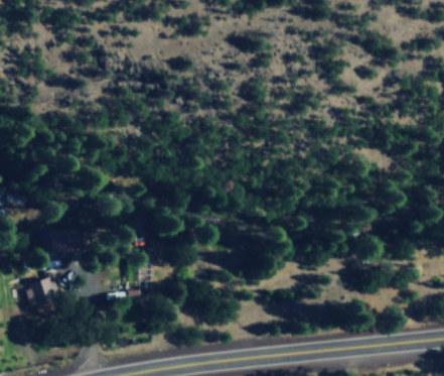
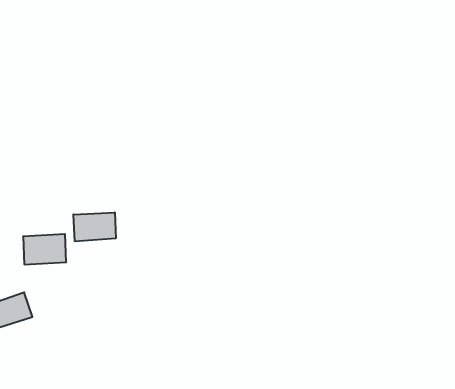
building: none -> [73,212,116,241]

